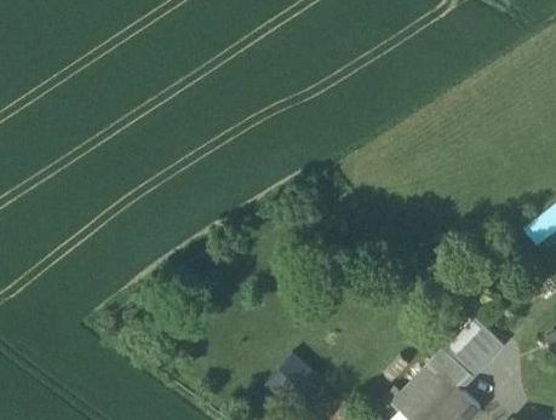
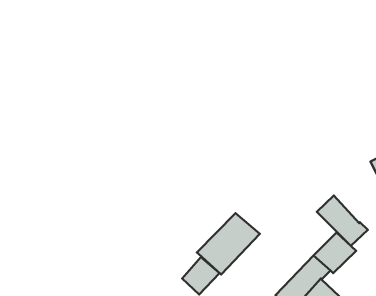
building: none -> [317,196,368,246]
building: none -> [197,213,260,275]

